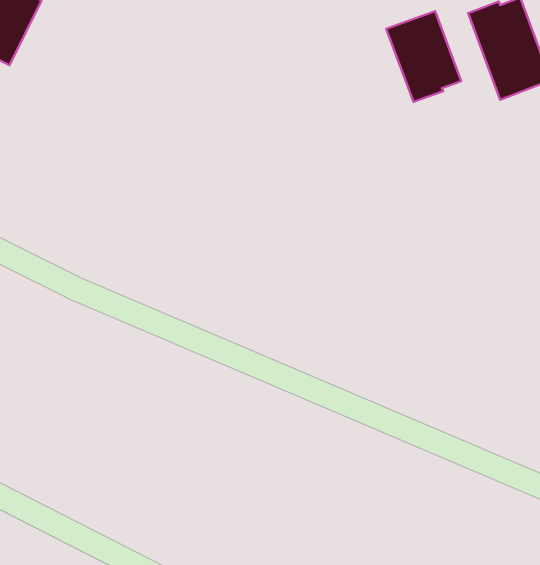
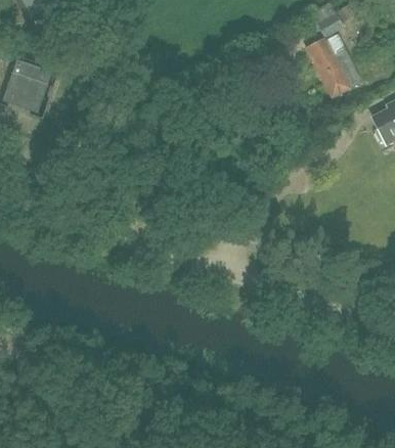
building: [386,11,461,102] -> none

